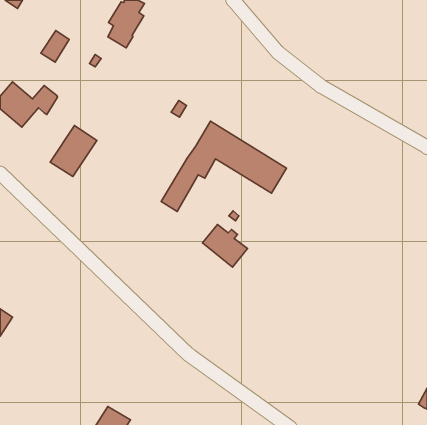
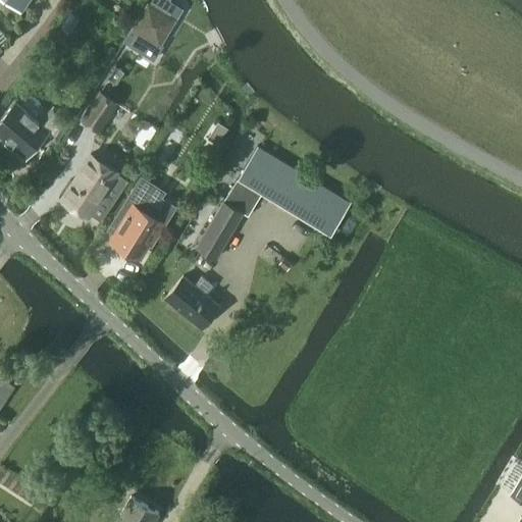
building: [41,30,69,62] -> [81,94,115,133]
building: none -> [111,189,175,258]
building: [202,224,248,267] -> [165,277,220,329]

